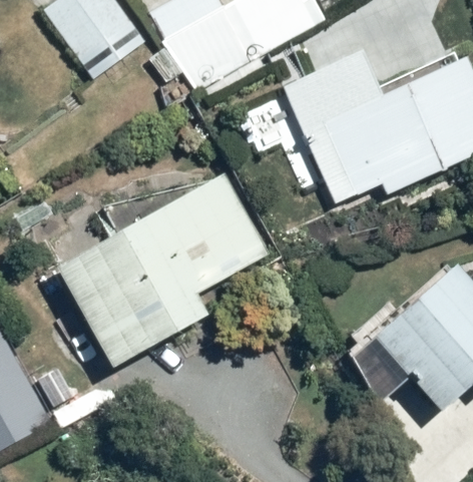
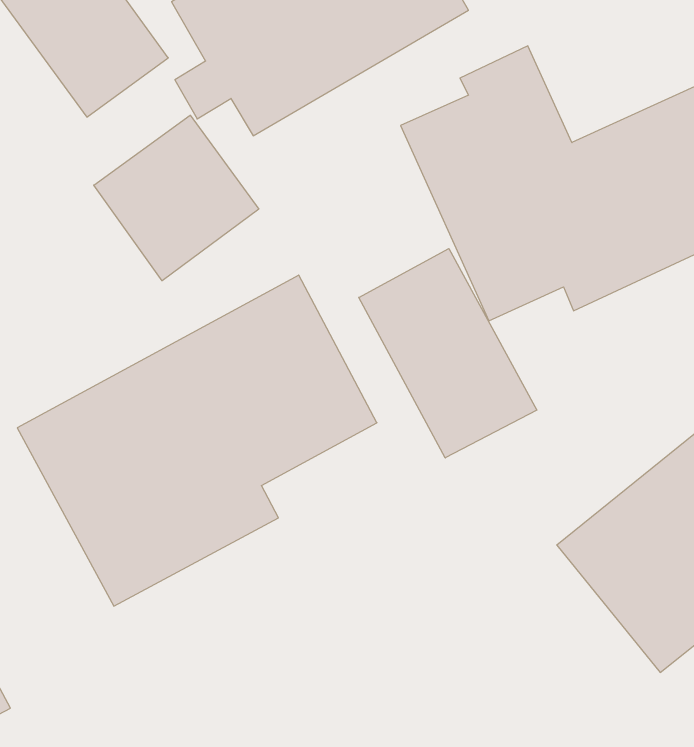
building: none -> [94,115,259,281]
building: none -> [359,249,537,458]

